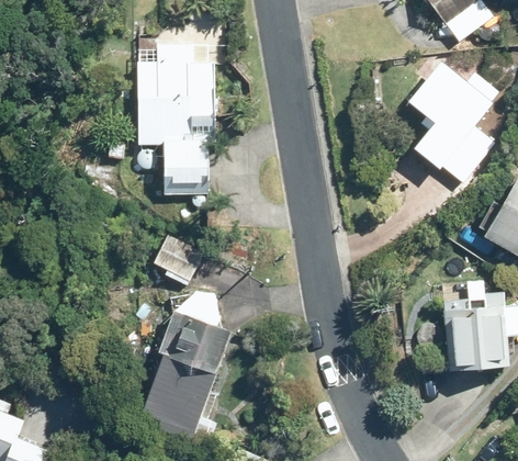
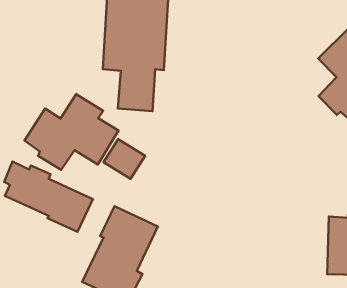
building: none -> [25,94,119,170]
building: none -> [4,162,93,232]

